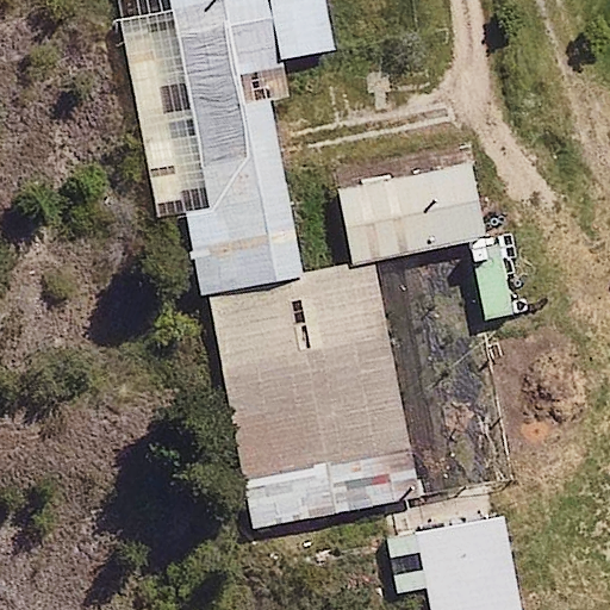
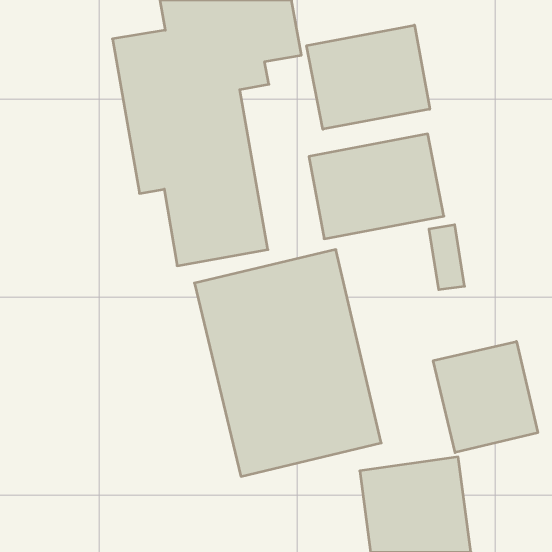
building: none -> [307,25,430,129]
building: none -> [433,341,538,453]

